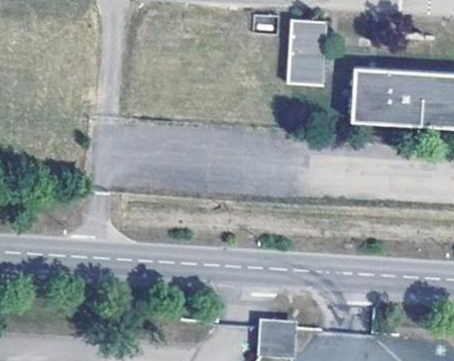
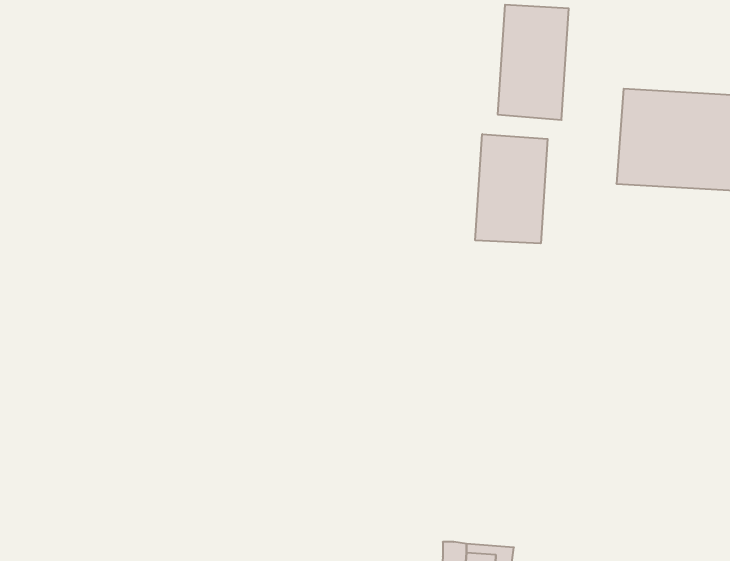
building: none -> [475,134,548,243]

